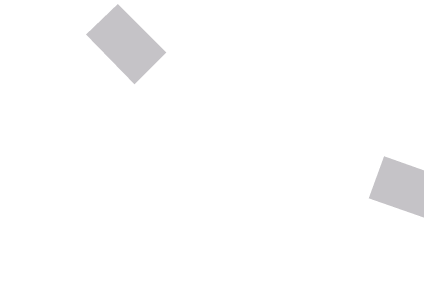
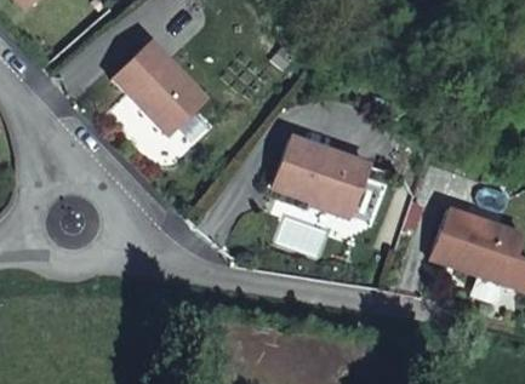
building: none -> [275,139,371,217]

